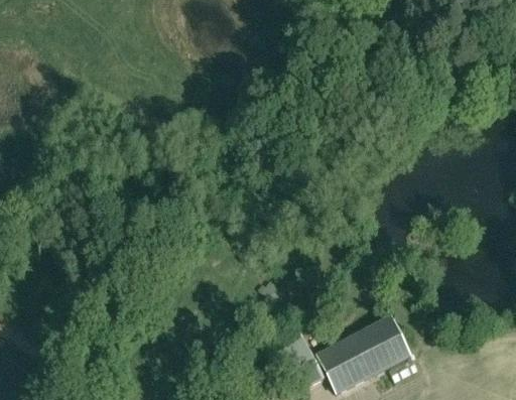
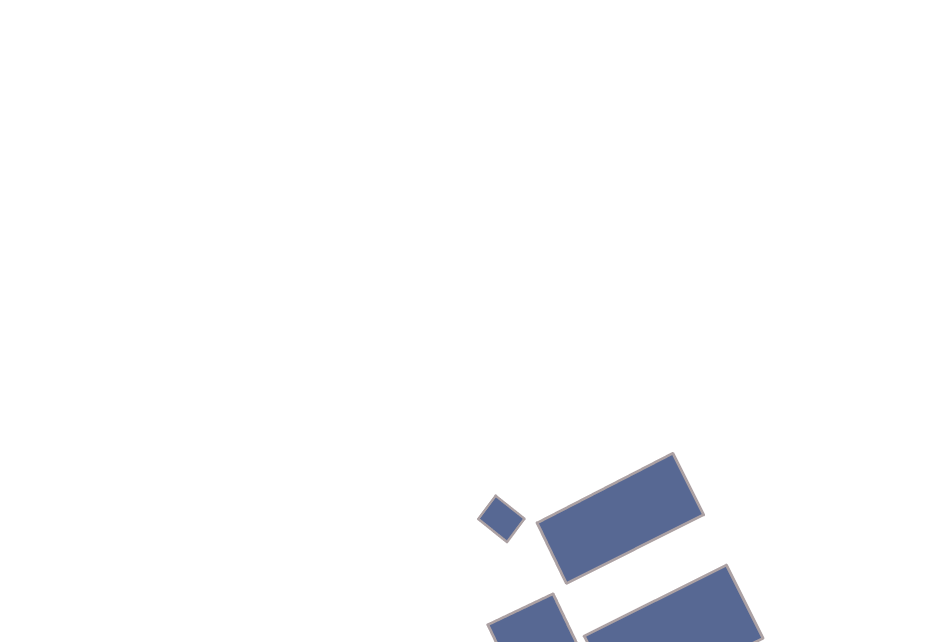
building: none -> [537,453,704,583]

